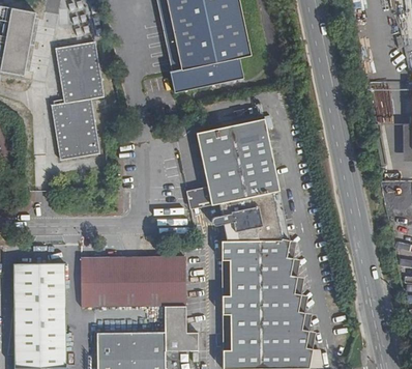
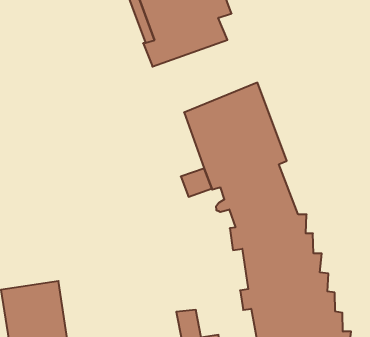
building: [52,44,104,161] -> none
building: [81,258,182,308] -> none

